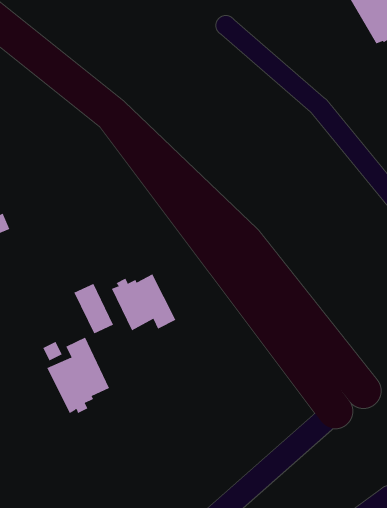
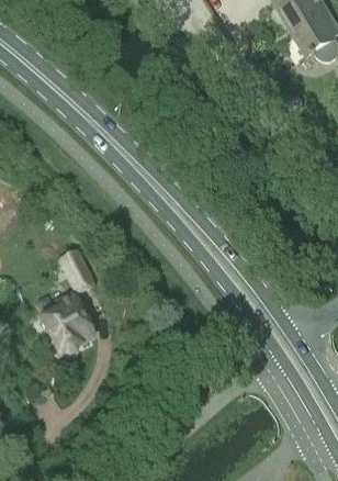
building: [111,274,176,331] -> none

